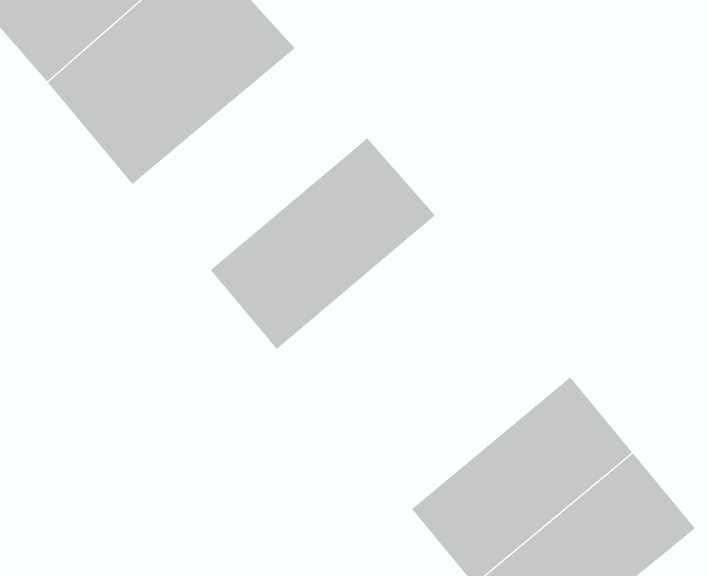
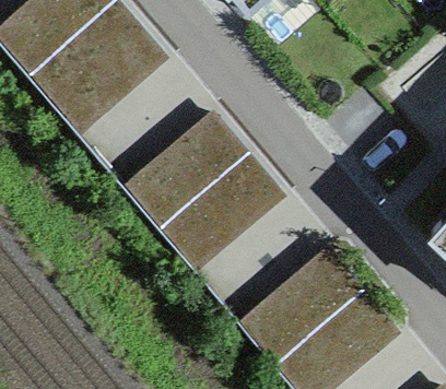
building: none -> [161,152,286,270]

